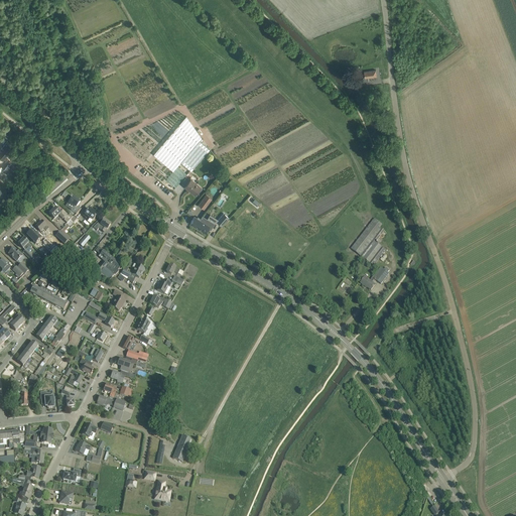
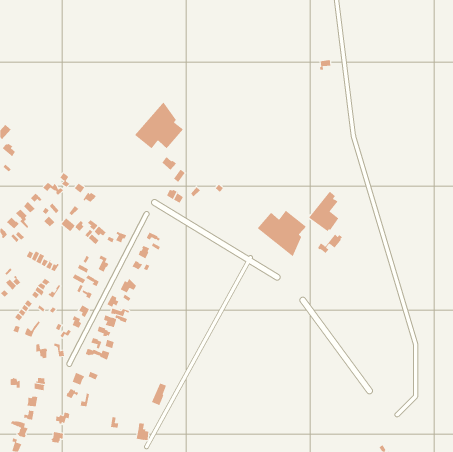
building: none -> [257,210,307,257]

